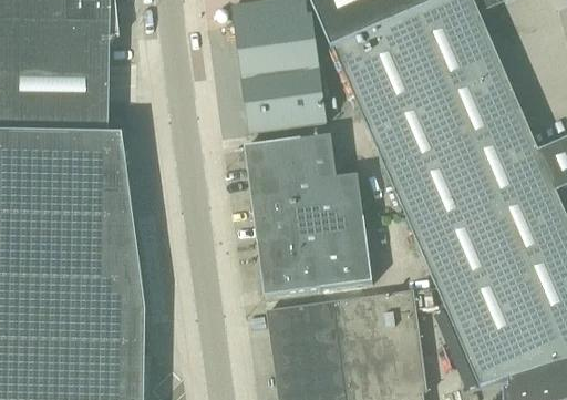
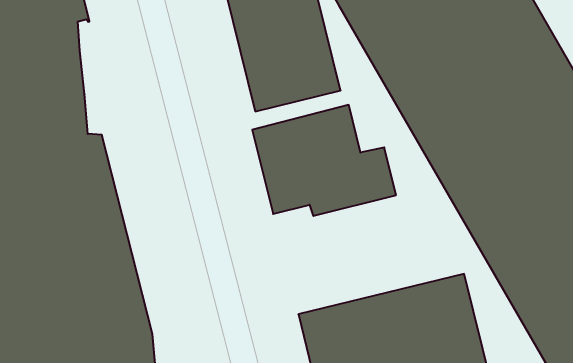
building: [256,215,372,294] -> none

